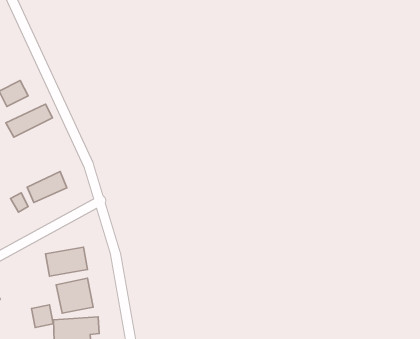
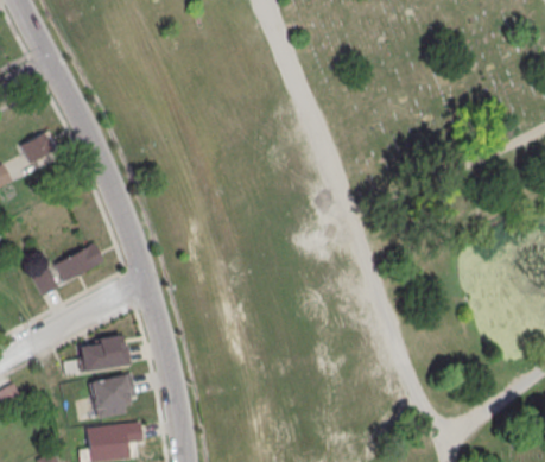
building: [6,104,52,137] -> none
building: [31,305,53,328] -> none

